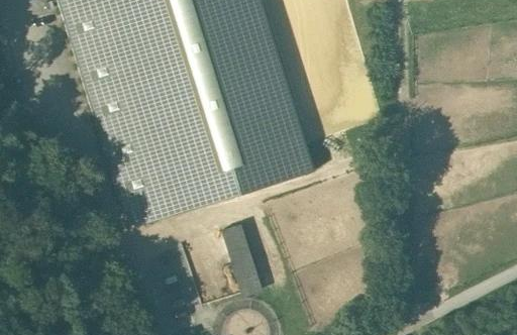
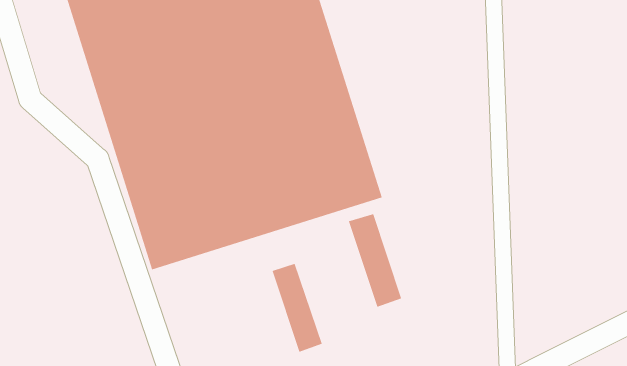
building: none -> [348,213,402,308]

